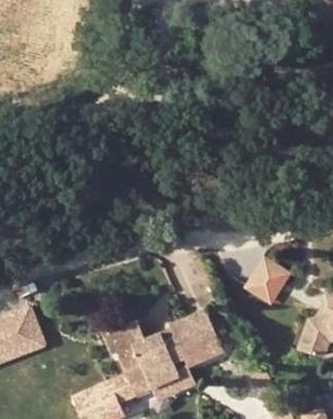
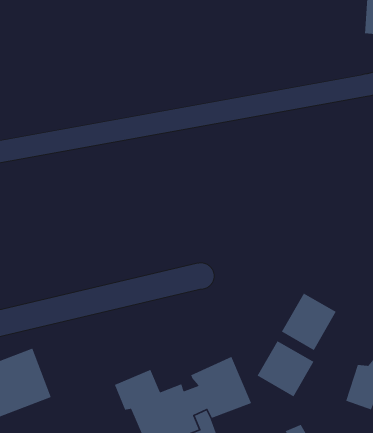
building: none -> [256,340,315,397]

